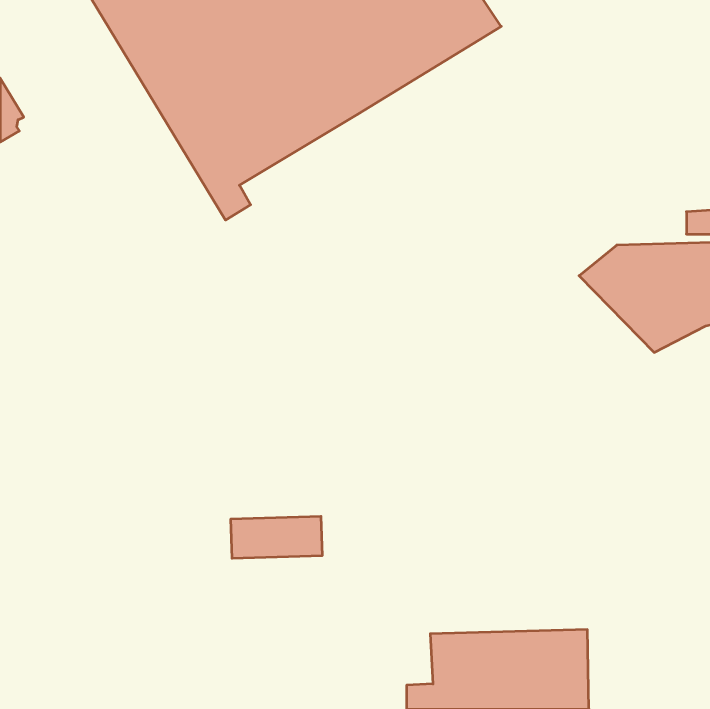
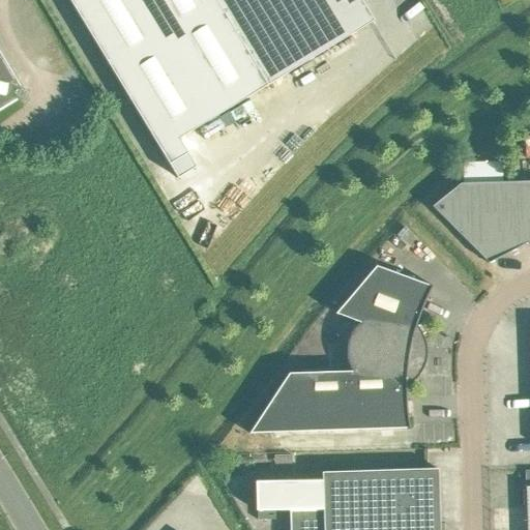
building: none -> [248,265,433,433]
building: [231,516,322,558] -> [253,477,321,508]

